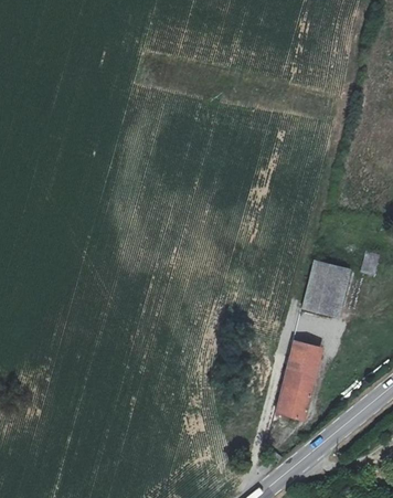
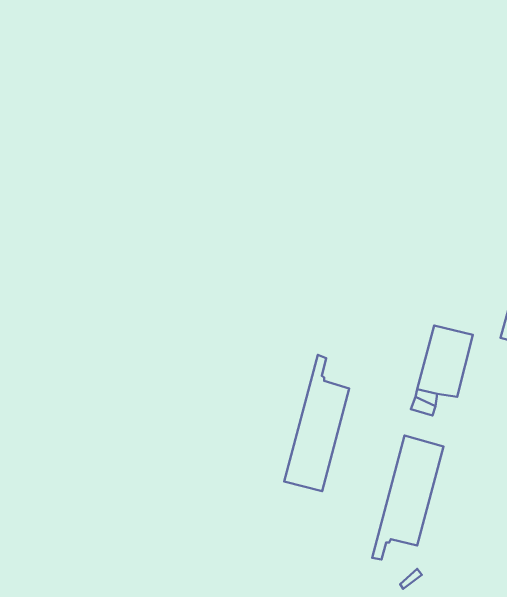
building: none -> [284,355,349,491]

